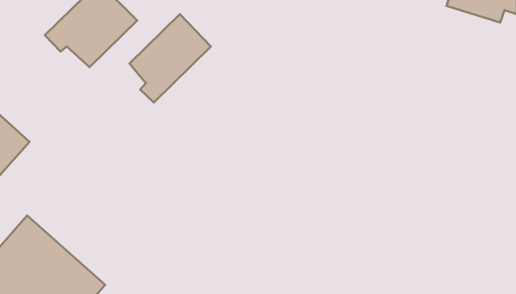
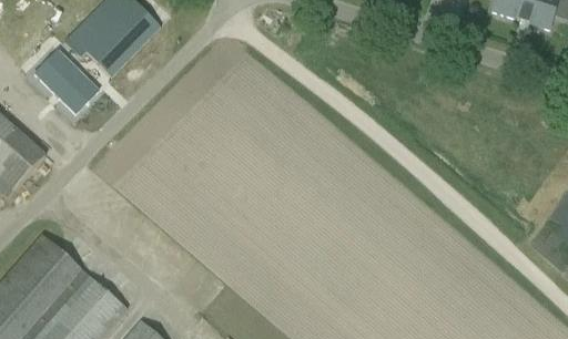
building: [129,14,211,102] -> none
building: none -> [36,50,98,112]

